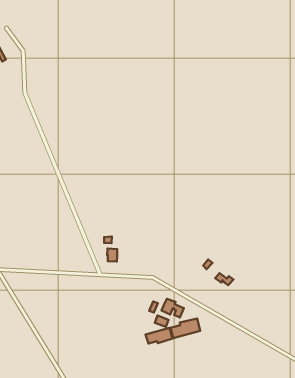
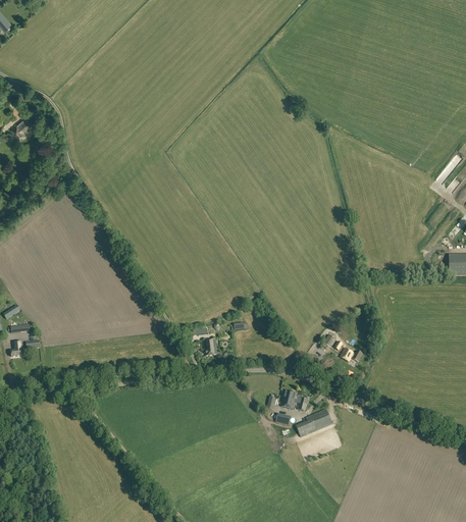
building: [146,328,173,343] -> none

